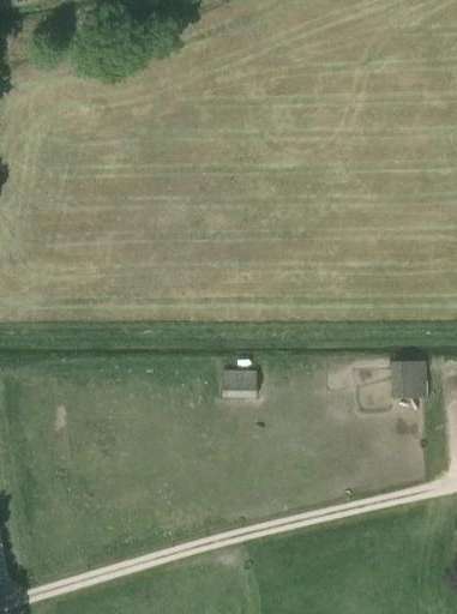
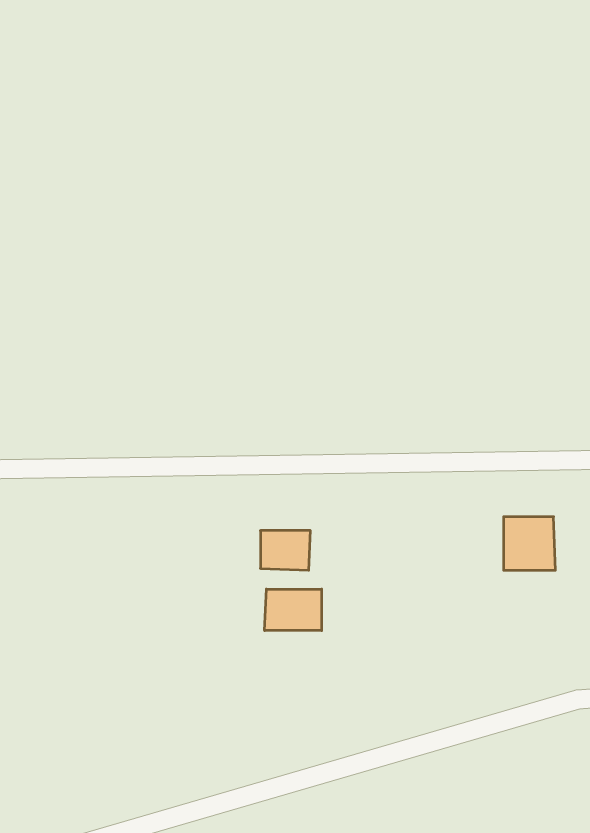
building: none -> [265,589,322,631]

